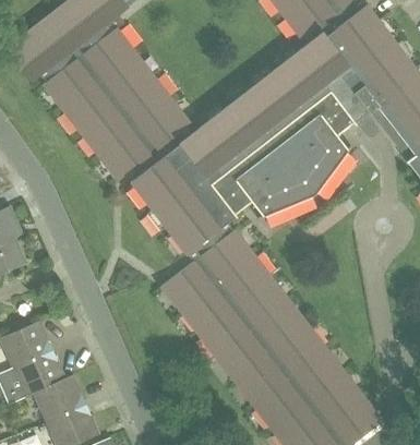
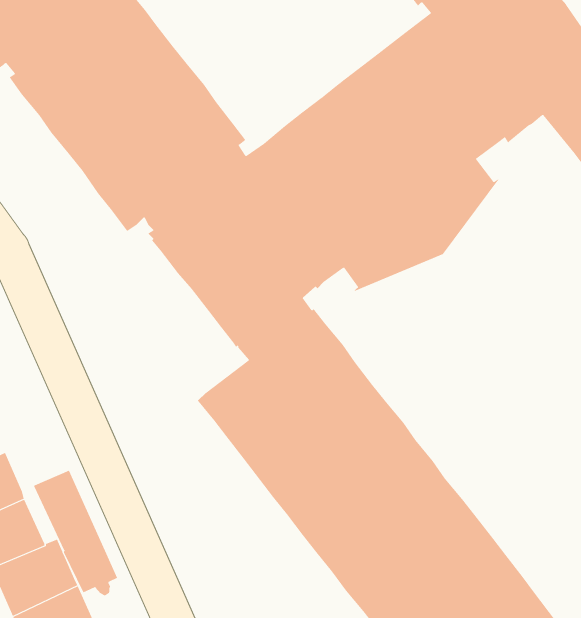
building: none -> [34,470,118,596]

